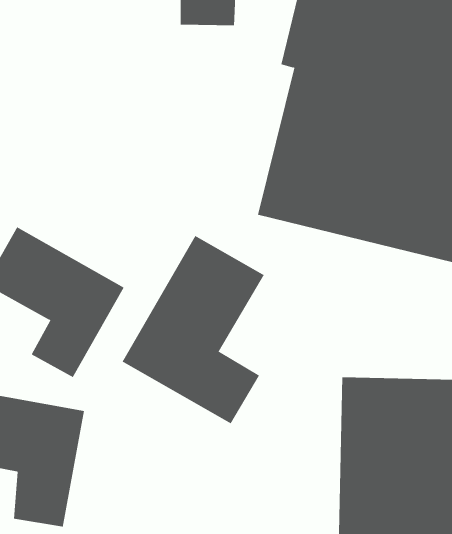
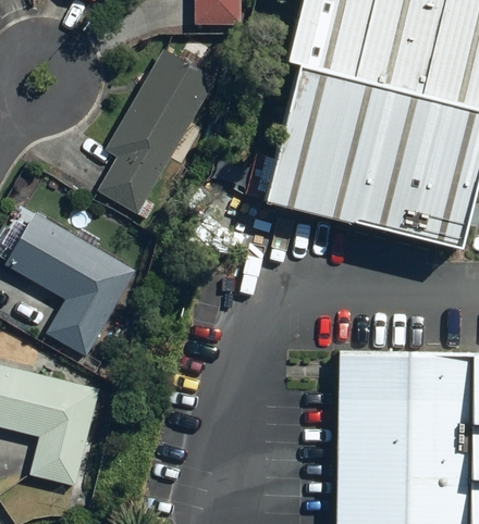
building: none -> [94,50,218,214]
building: [122,235,264,424] -> none

